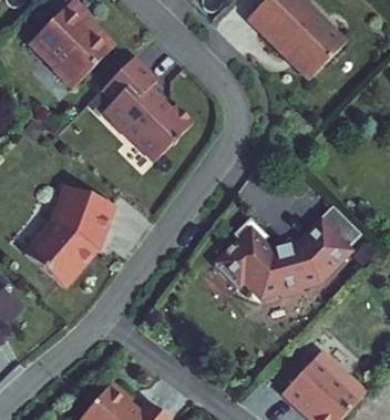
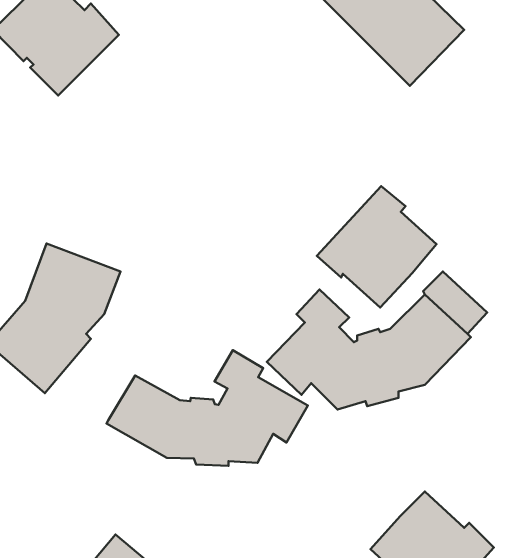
building: [101,58,193,162] -> none
building: none -> [317,186,437,308]
building: none -> [107,350,308,466]

